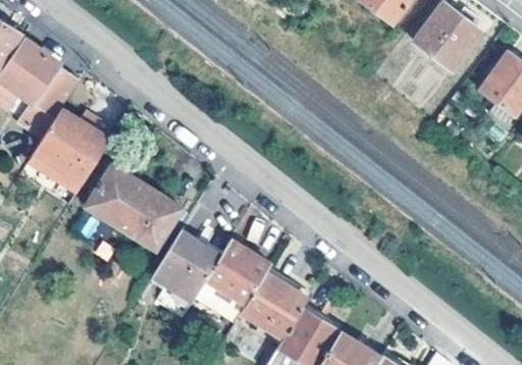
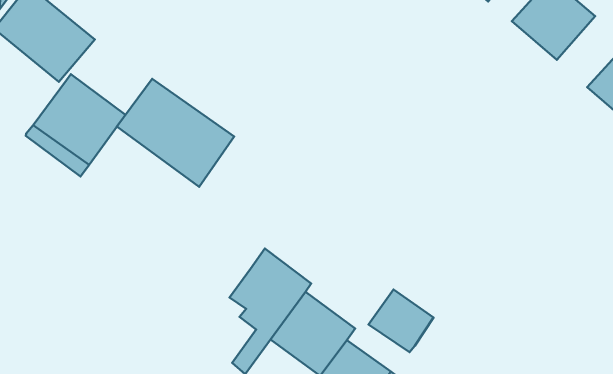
building: [86,166,181,251] -> [117,79,234,187]
building: [152,231,220,317] -> none
building: none -> [369,289,433,352]

